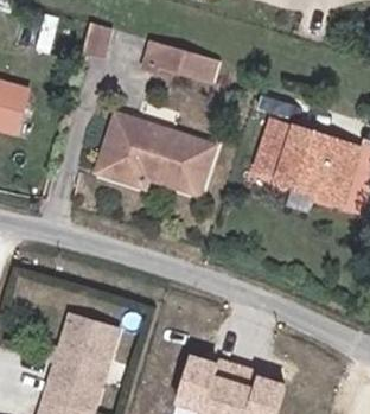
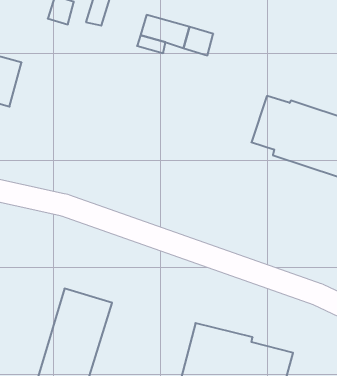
building: [96,114,213,195] -> none

